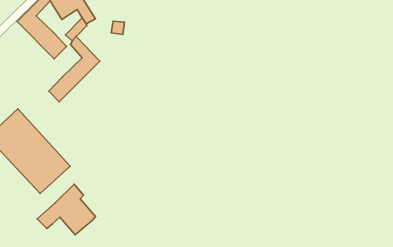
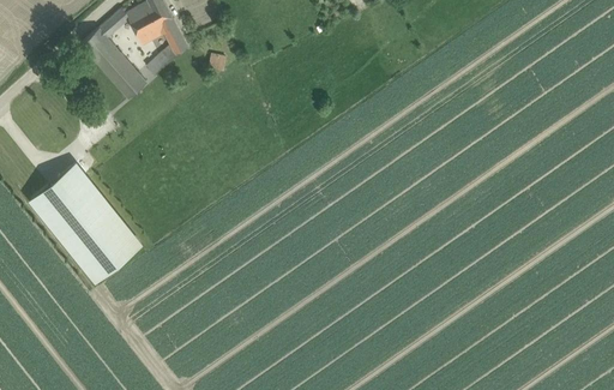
building: [49,37,100,102] -> none
building: [37,184,96,235] -> none

